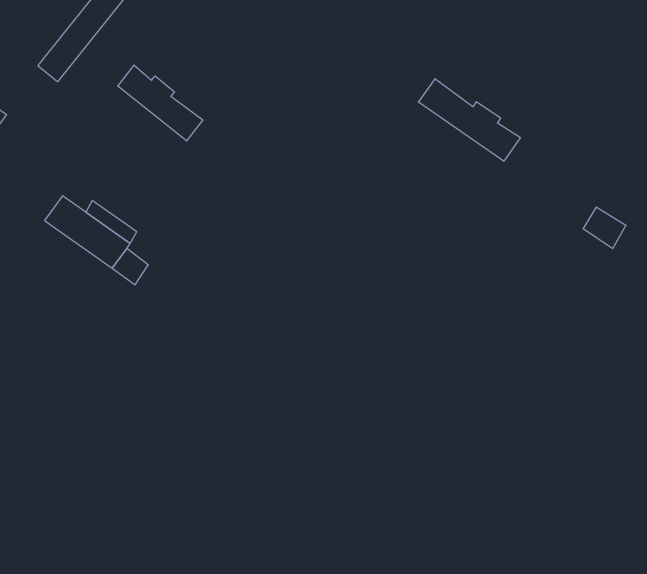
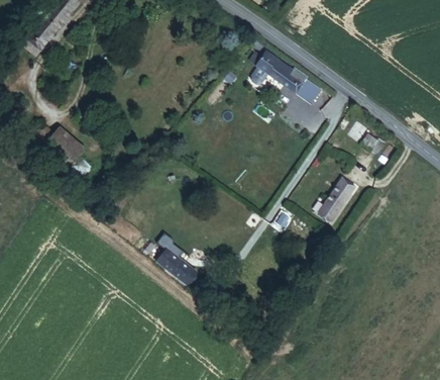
building: [118,65,203,141] -> none
building: none -> [315,177,357,223]
building: none -> [158,243,205,288]

